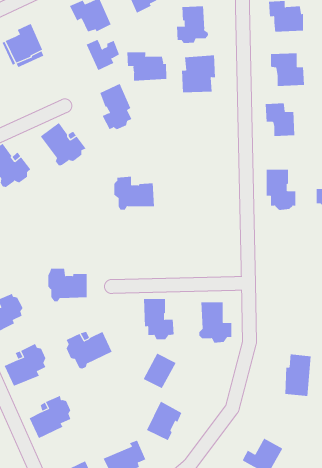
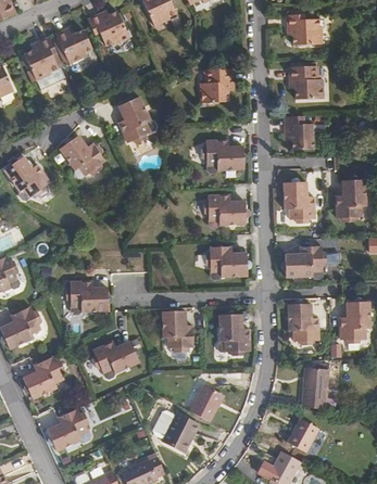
building: [176,6,208,44] -> none
building: [86,39,120,71] -> [55,27,89,59]
building: [127,51,167,82] -> none
building: none -> [201,137,242,171]
building: [113,176,155,210] -> [203,193,244,227]
building: none -> [204,244,246,275]
building: none -> [285,244,326,276]
building: none -> [287,303,317,343]
building: [143,353,176,389] -> [189,384,223,420]
building: none -> [287,417,319,451]

